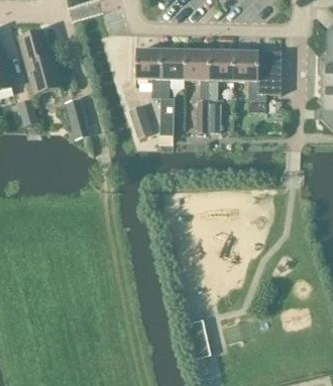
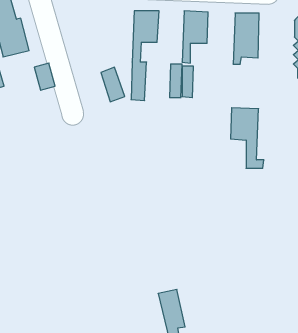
building: [135,46,162,98] -> none
building: [185,49,211,98] -> none
building: [233,50,265,108] -> [231,108,264,168]

